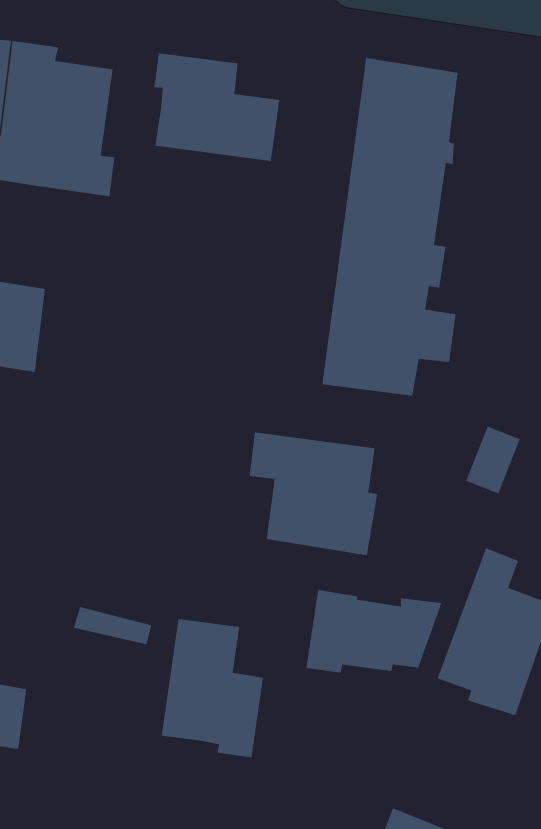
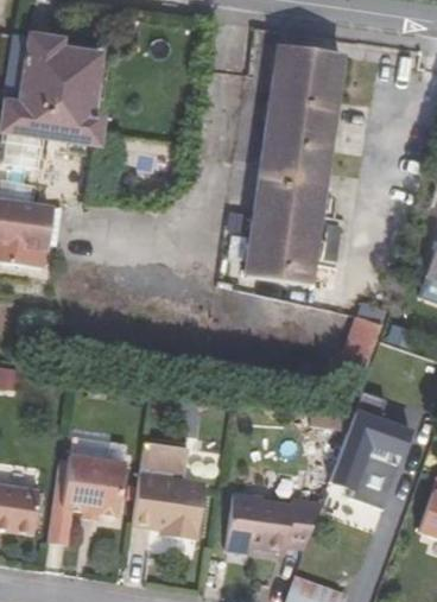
building: [153,52,280,162] -> none
building: [249,432,378,556] -> none
building: [306,589,443,674] -> [226,492,322,551]
building: none -> [49,455,125,544]

